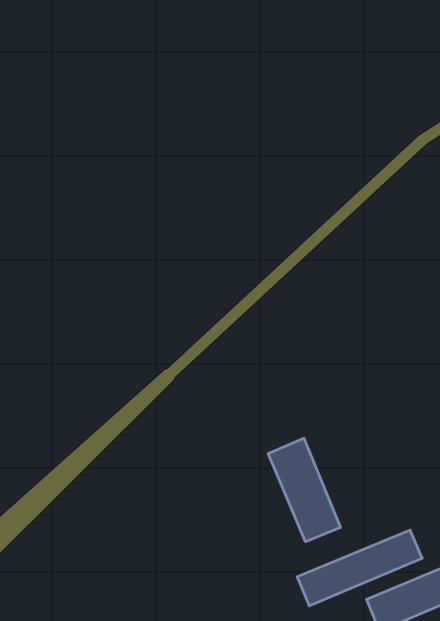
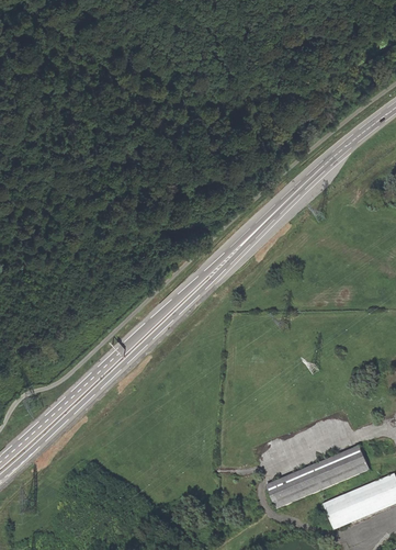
building: [268,438,340,542] -> none

